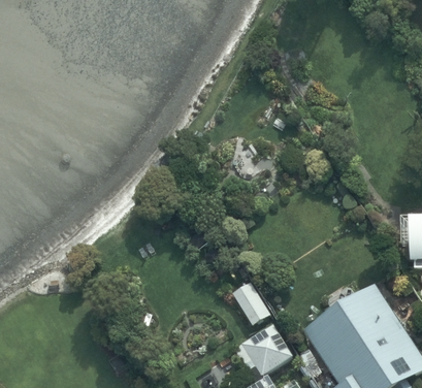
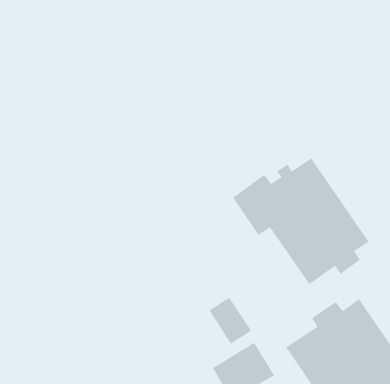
building: none -> [232,158,370,285]

